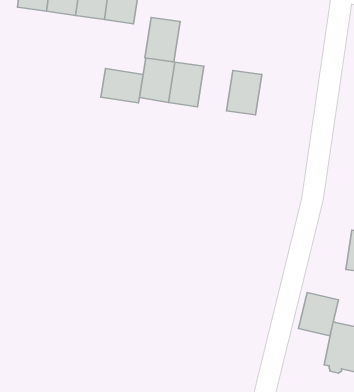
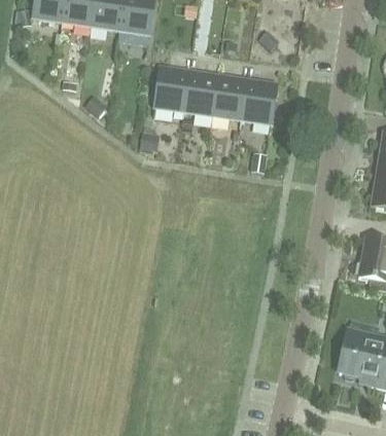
building: [145,17,180,62] -> [212,75,247,119]
building: [101,69,143,103] -> none
building: [299,293,338,336] -> none

